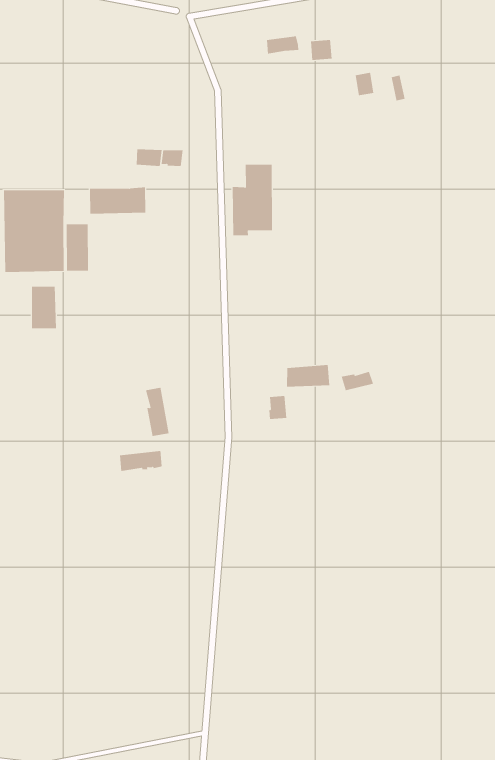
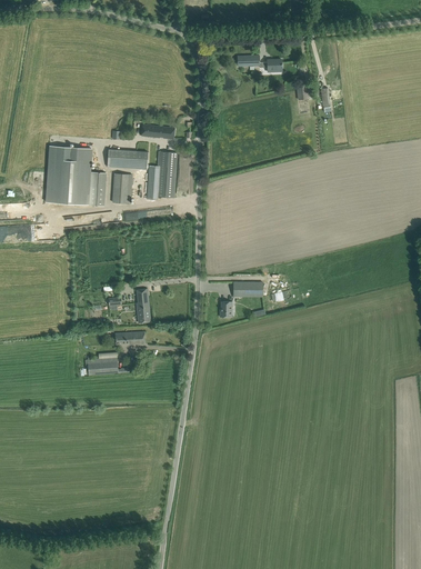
building: [232,164,273,236] -> [146,151,177,200]
building: [31,286,57,329] -> [112,173,131,203]
building: none -> [84,358,117,375]

